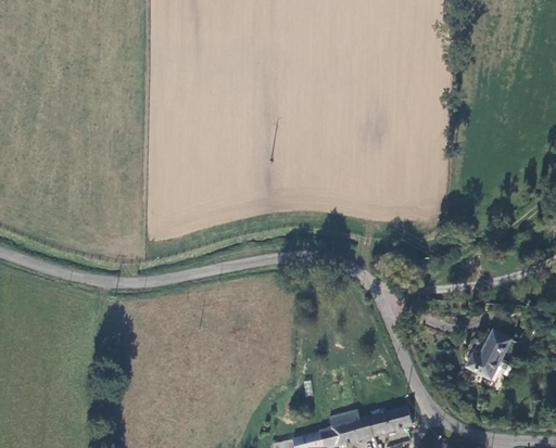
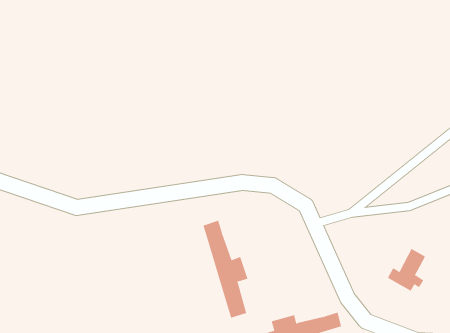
building: none -> [203,220,248,318]

